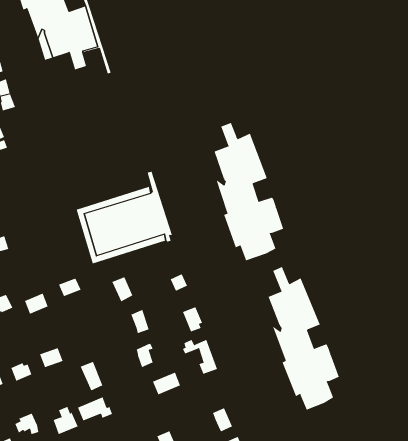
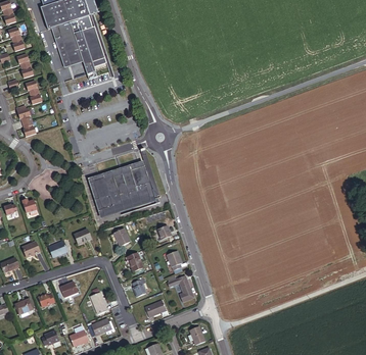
building: [214,122,284,261] -> none
building: [268,266,340,411] -> none

